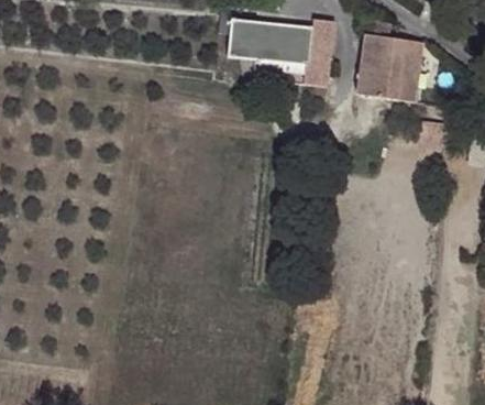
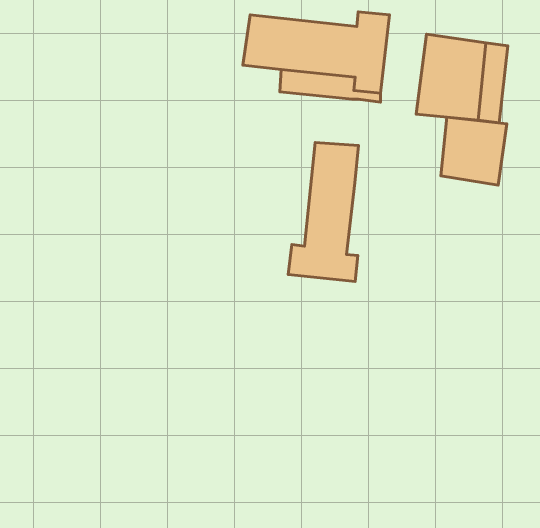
building: none -> [441,117,507,185]
building: none -> [288,143,359,282]

